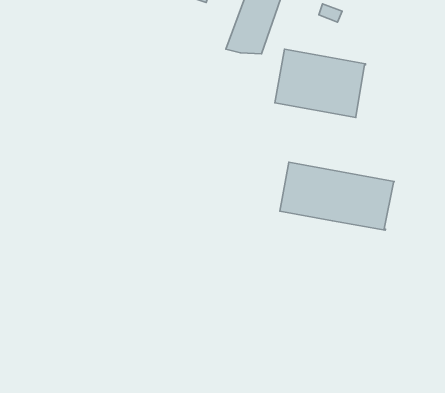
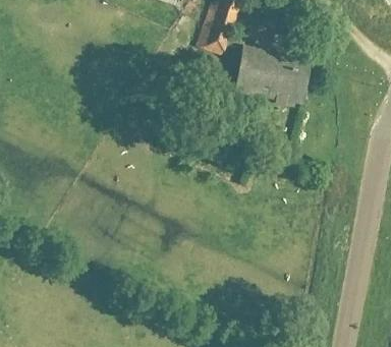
building: [280,162,394,230] -> none

